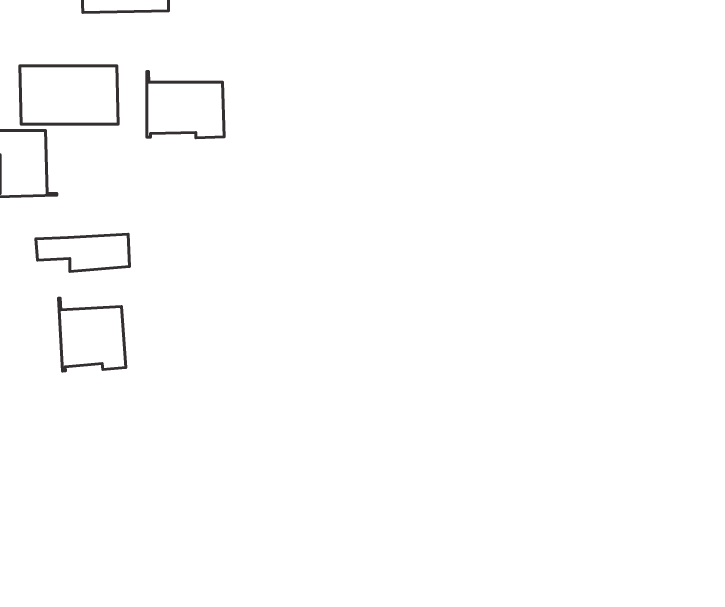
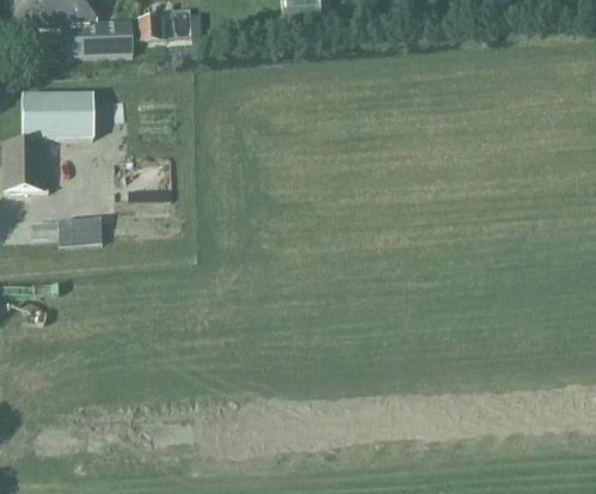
building: [147,72,224,138] -> none
building: [59,298,126,371] -> none

